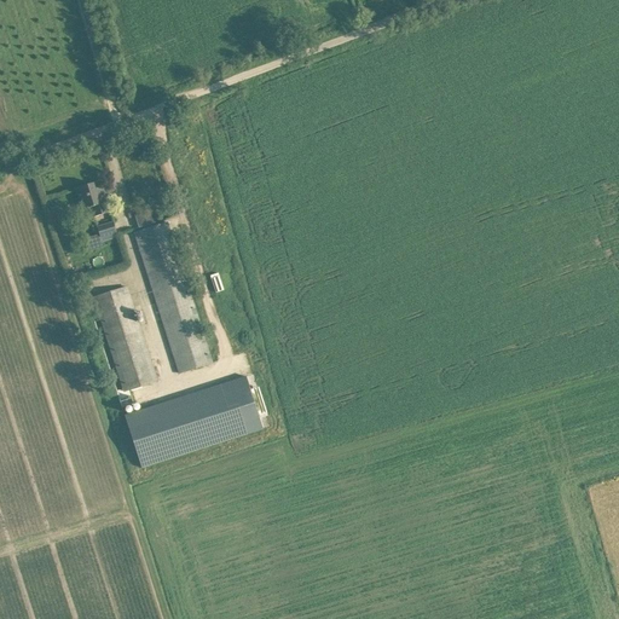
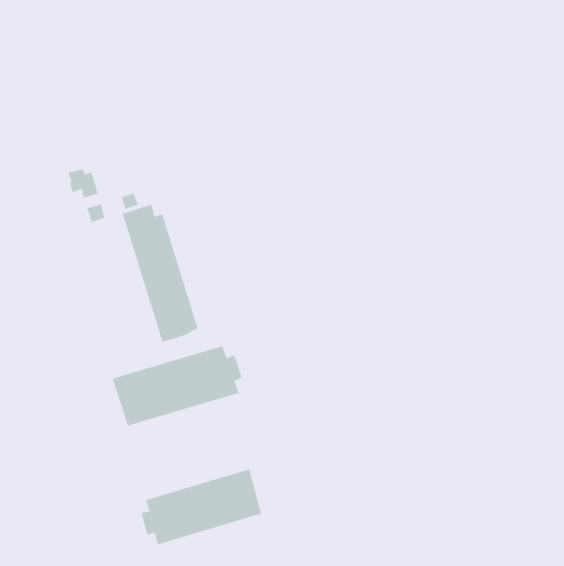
building: [92,287,154,392] -> none
building: none -> [141,469,262,545]

